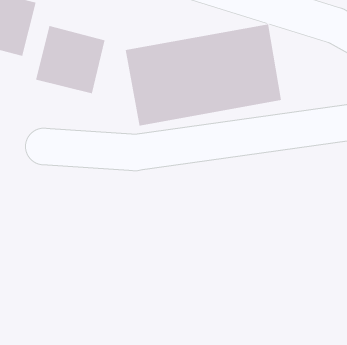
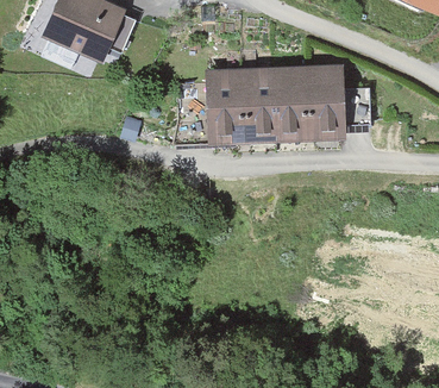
building: [35,25,105,94] -> none

